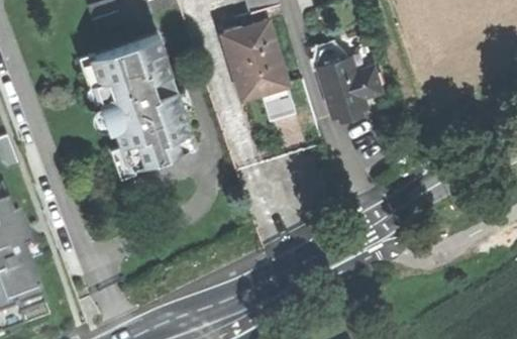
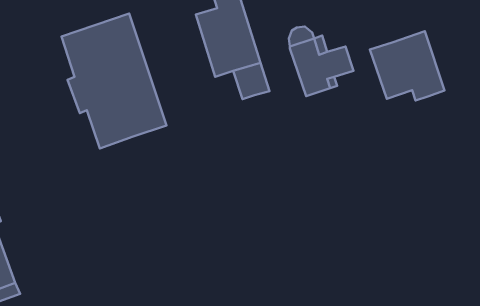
building: none -> [370,31,445,101]

